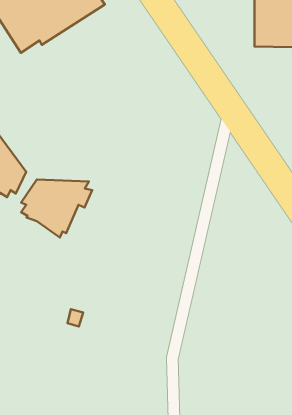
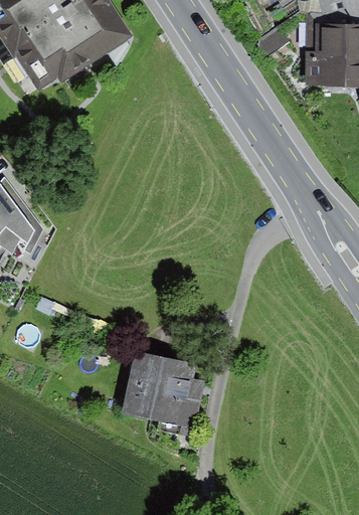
building: [21,180,92,237] -> none
building: none -> [121,350,203,435]

